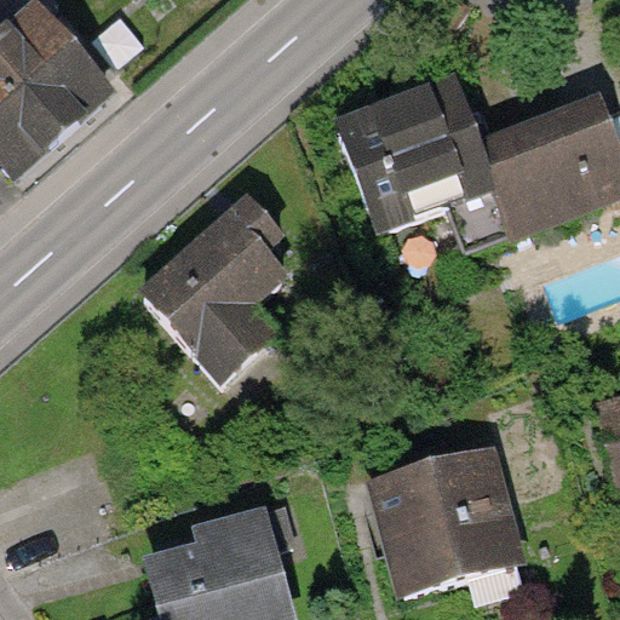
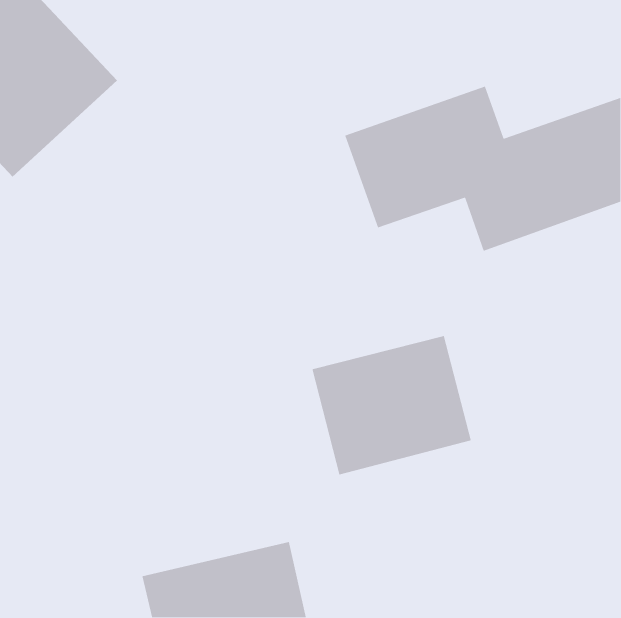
building: [137,206,294,389] -> none
building: [371,450,527,587] -> [312,335,472,476]

